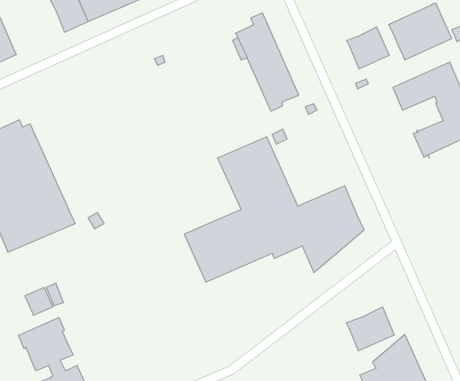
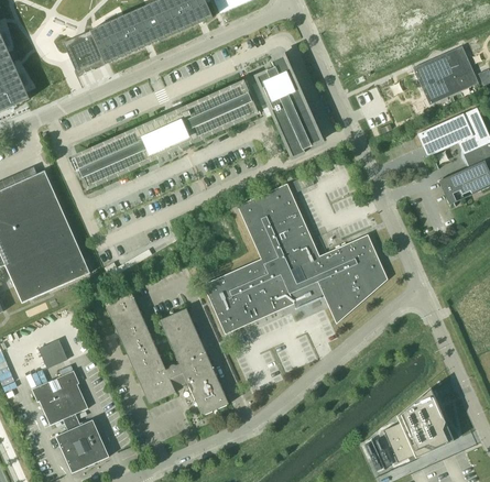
building: [347,27,389,69] -> none
building: none -> [70,81,255,187]
building: none -> [104,288,228,414]
building: [347,307,394,351] -> none

